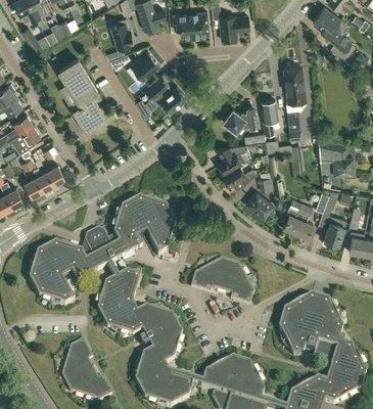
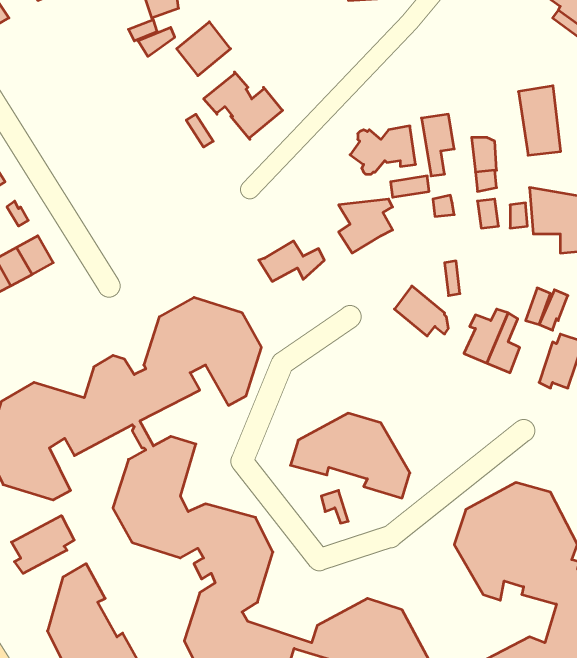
building: [58,58,106,132] -> none
building: [283,66,306,103] -> [518,86,561,155]
building: [221,165,255,186] -> [259,241,324,281]
building: none -> [11,516,74,573]

